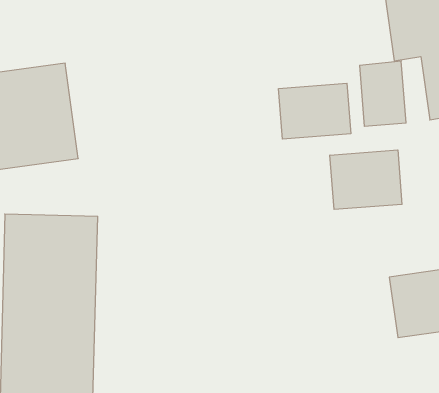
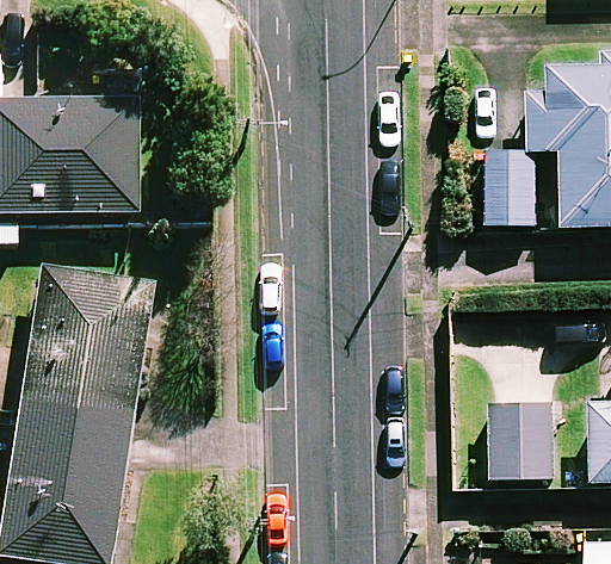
building: [279,83,351,139] -> none
building: [330,150,402,209] -> none

